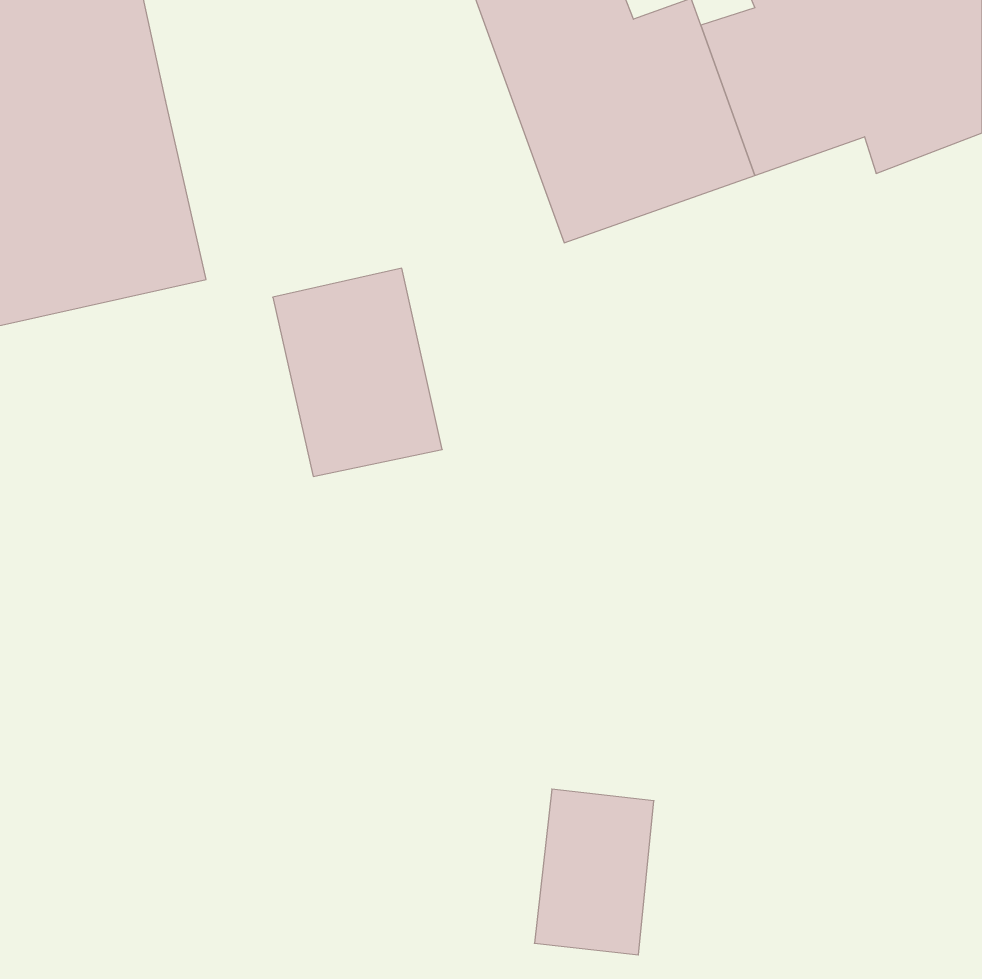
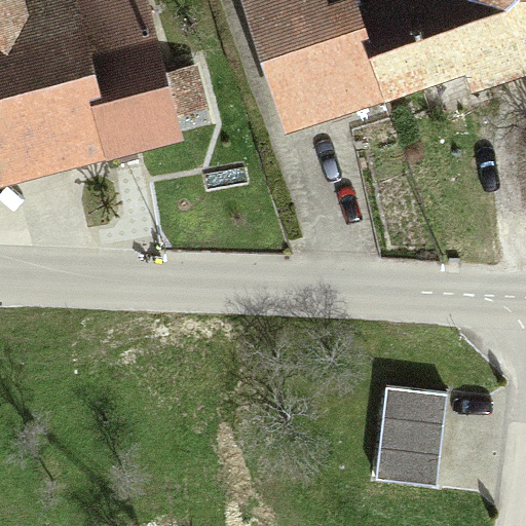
building: [273,268,442,476] -> [88,38,179,149]
building: [534,789,654,955] -> [379,398,443,486]

